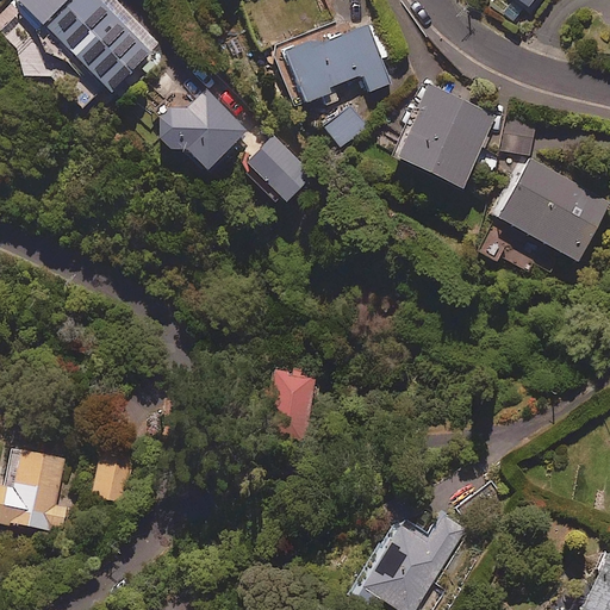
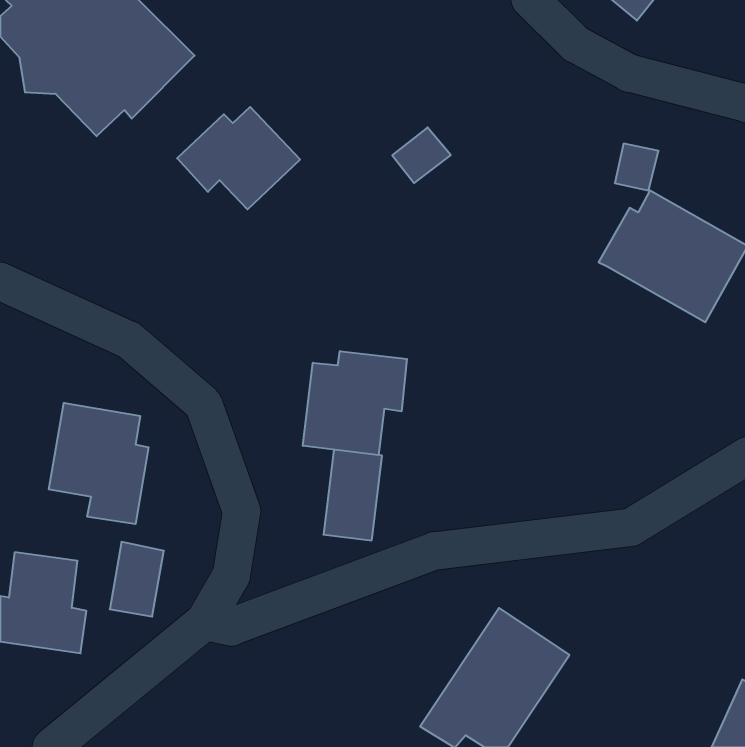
building: [282,23,391,102] -> none
building: [393,83,496,187] -> none
building: [243,132,313,203] -> none
building: none -> [303,351,407,455]
building: none -> [49,403,149,524]

